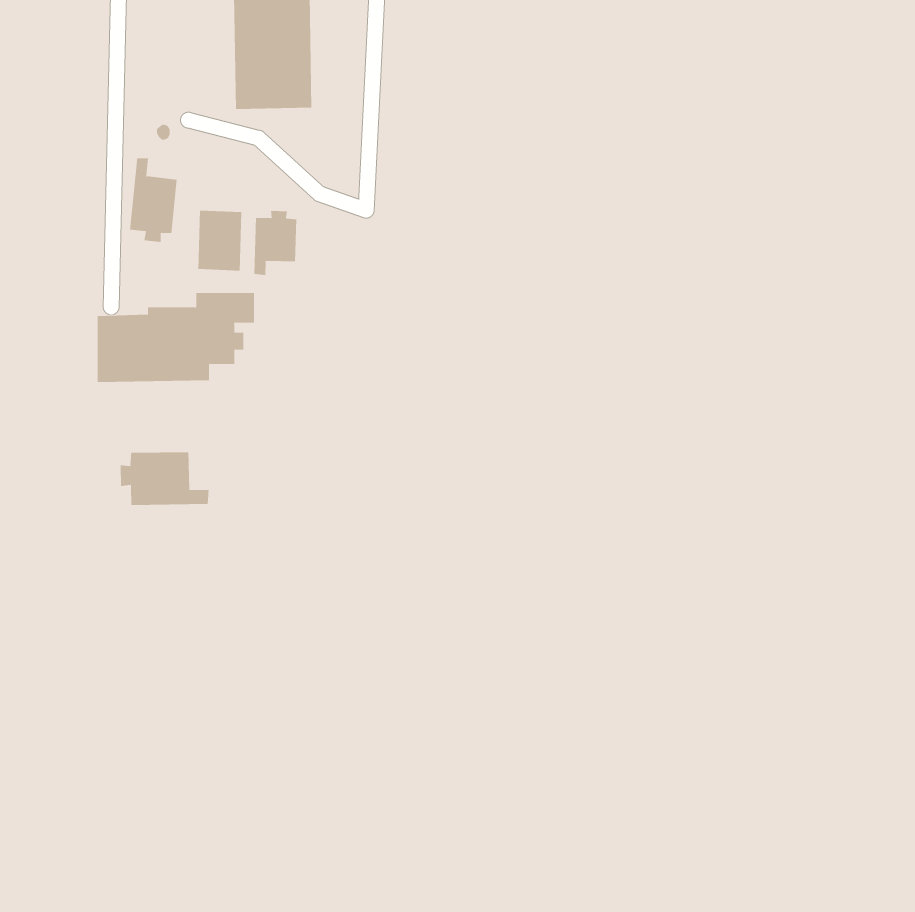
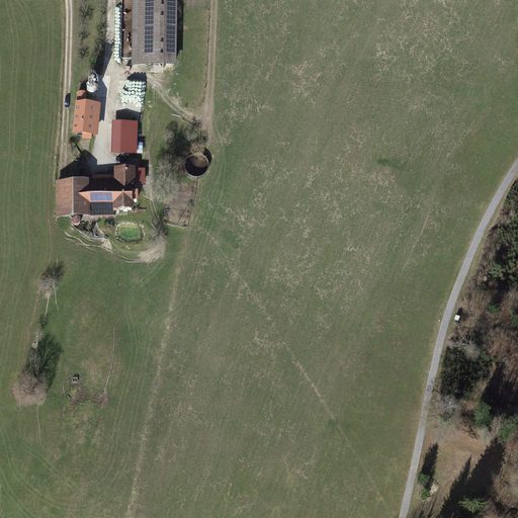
building: [254,210,297,276] -> none
building: [120,451,209,506] -> none

